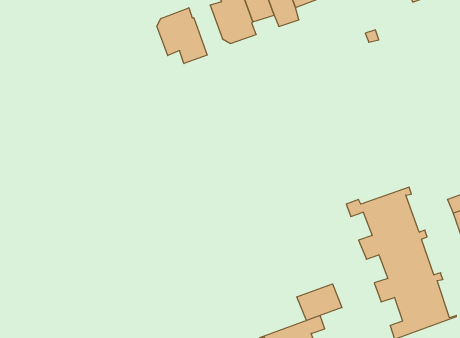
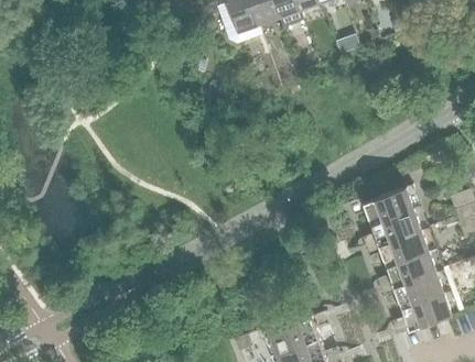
building: [157,8,207,64] -> none
building: [297,284,342,321] -> none

